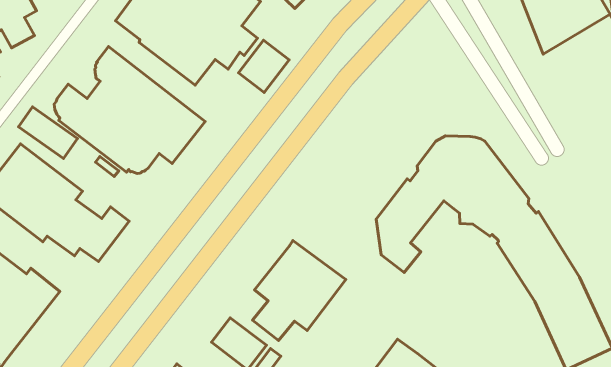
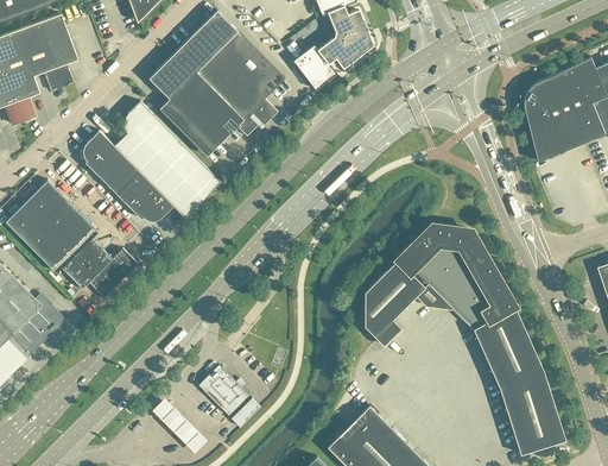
building: [239,40,289,92] -> none
building: [19,107,78,158] -> none
building: [252,240,346,341] -> none

